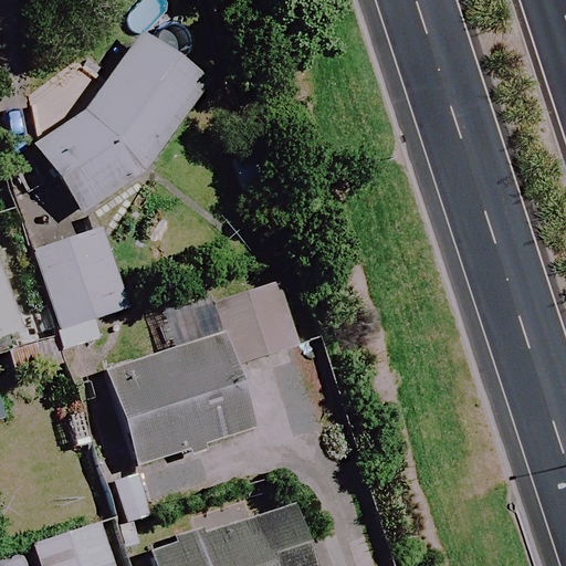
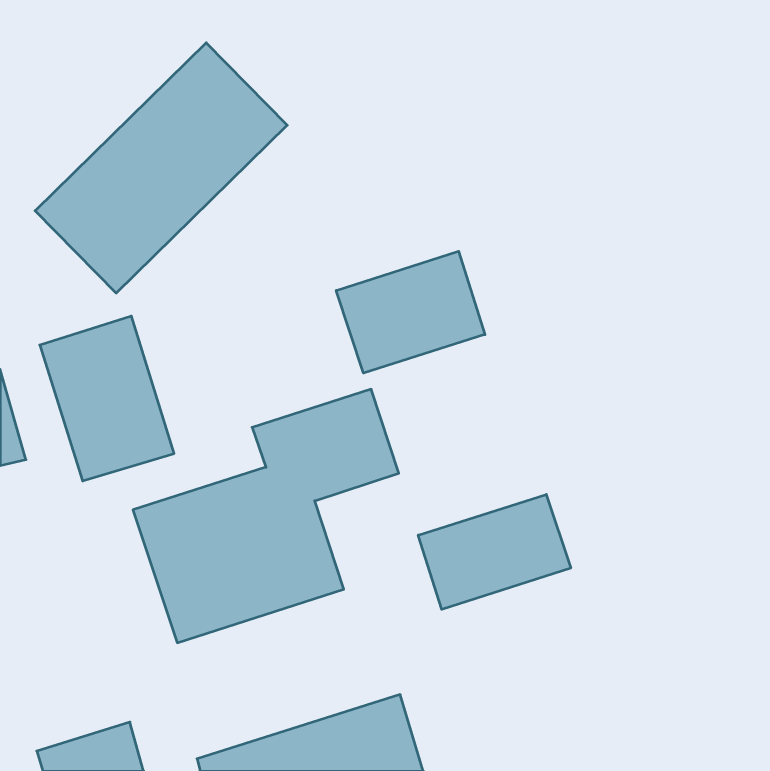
building: none -> [336,251,485,373]
building: none -> [418,494,571,609]

